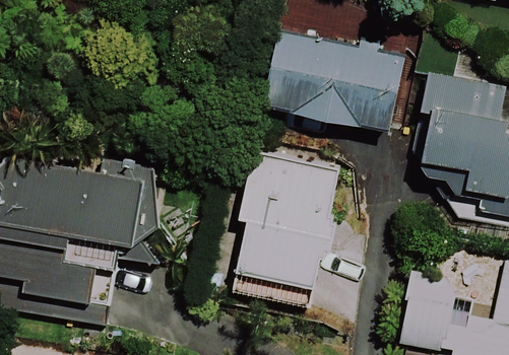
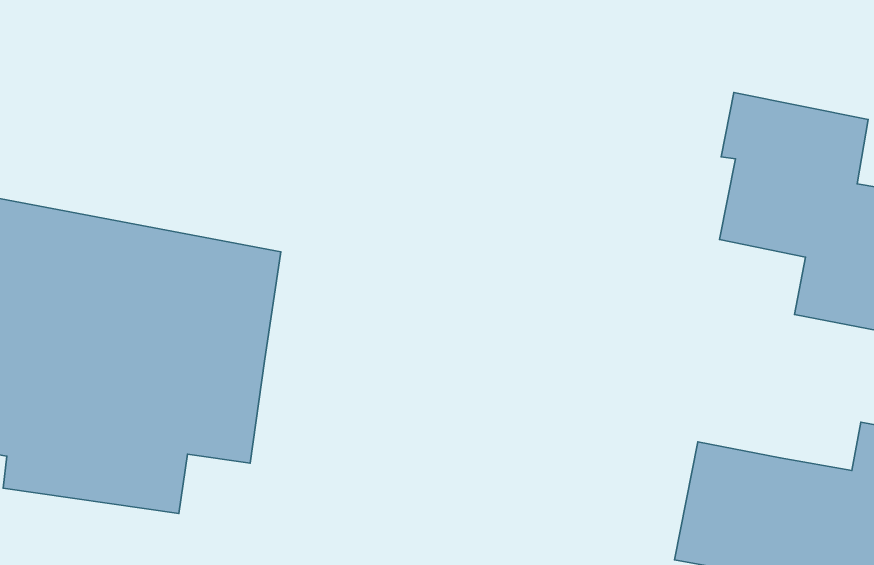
building: [261,27,411,133] -> none
building: [225,158,337,305] -> none

